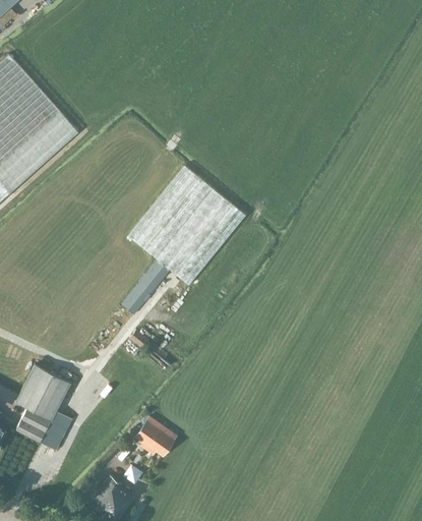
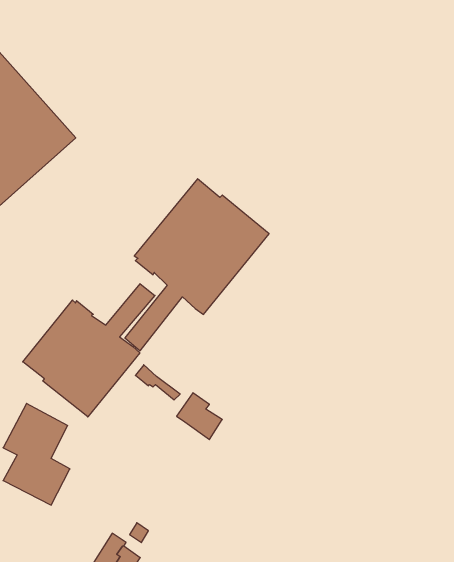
building: none -> [23,284,155,417]
building: [134,415,174,456] -> [177,393,222,440]

